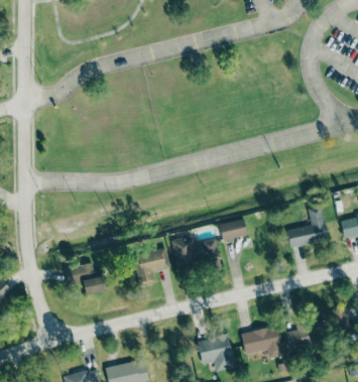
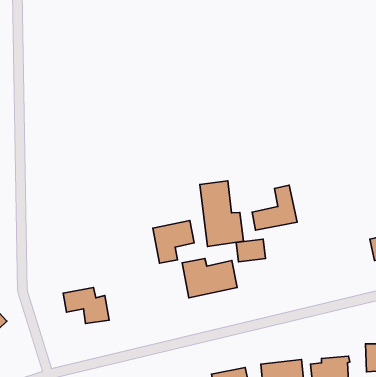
building: none -> [200,181,244,246]
building: [287,207,328,247] -> [252,185,297,230]
building: [133,248,170,286] -> [153,220,194,263]

